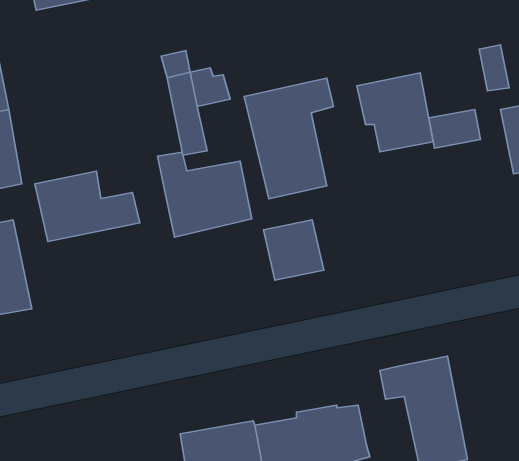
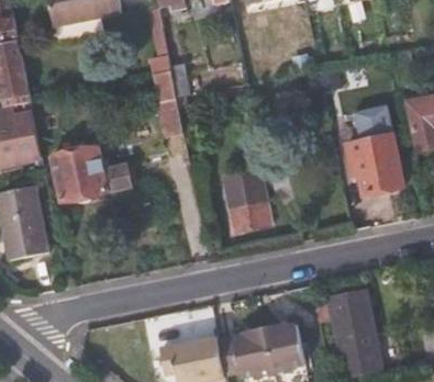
building: [357,73,433,152] -> [345,134,403,194]
building: [244,78,333,199] -> none
building: [158,152,252,237] -> none

